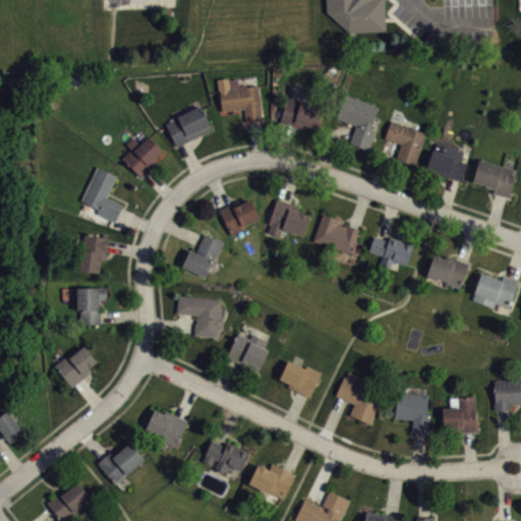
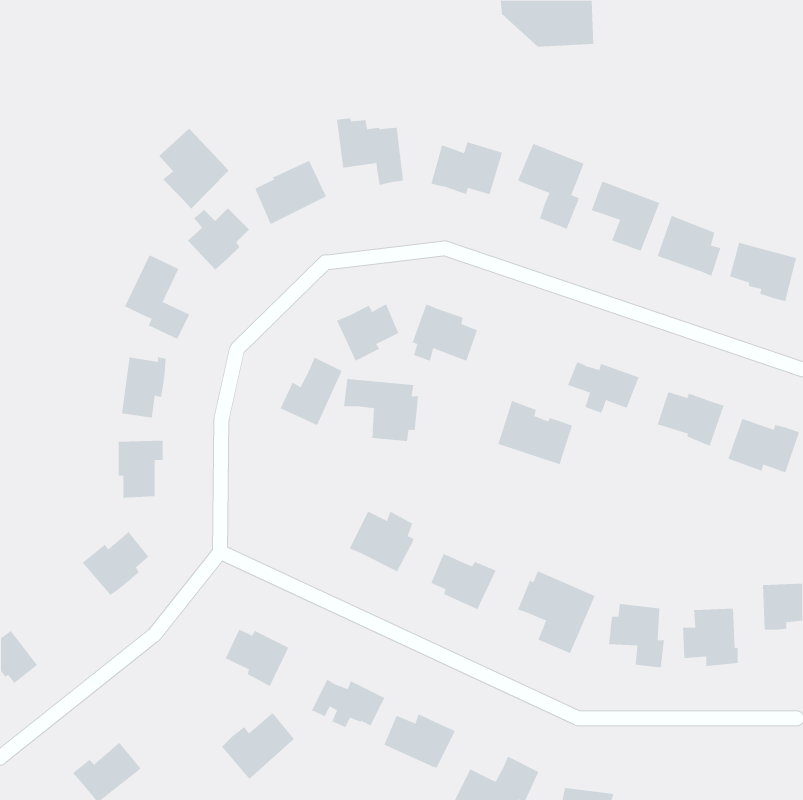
building: none -> [158,128,229,209]
building: [312,213,361,254] -> [497,400,573,465]
building: [176,296,225,337] -> [343,379,419,441]
building: [96,442,143,485] -> [221,712,295,780]

